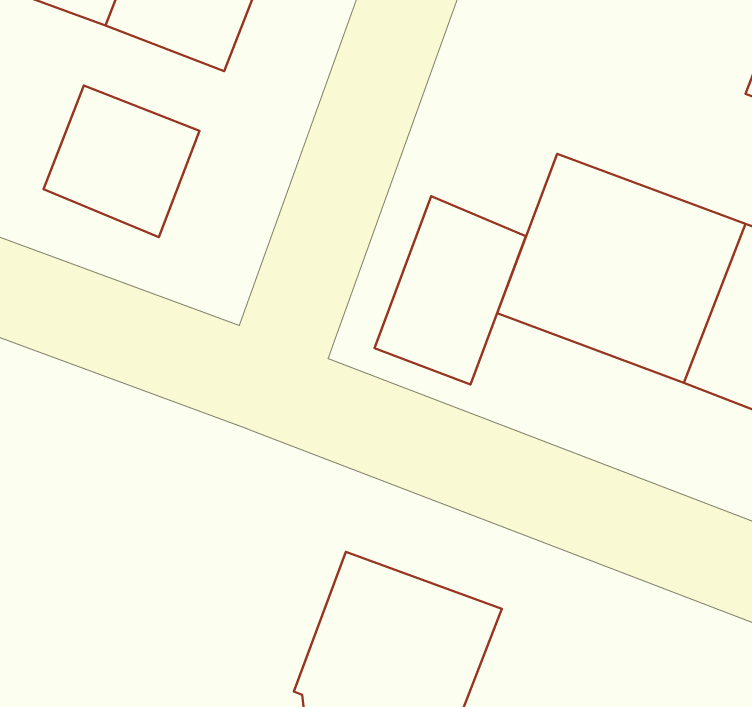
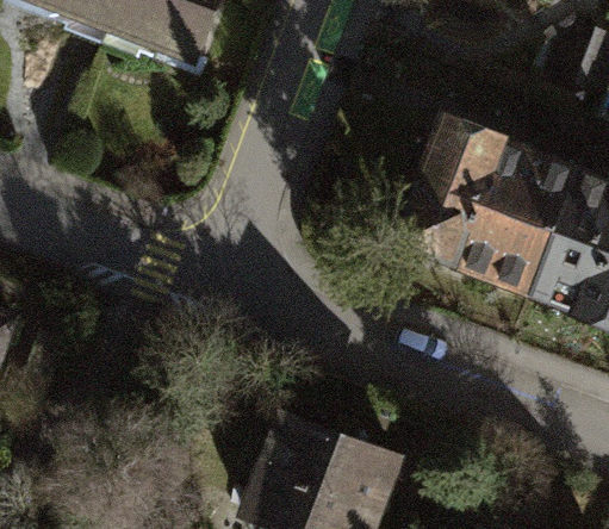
building: [44,86,200,237] -> none
building: [375,196,526,384] -> none

